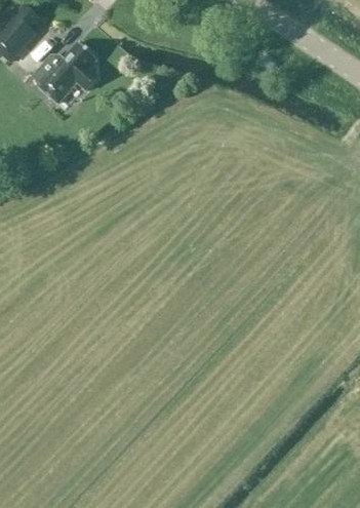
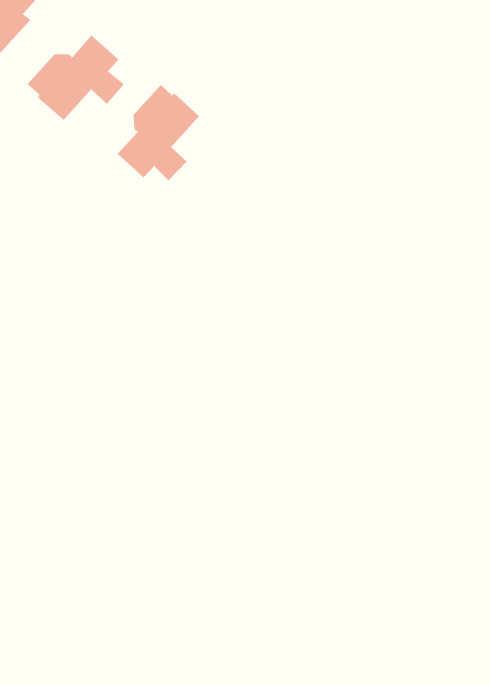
building: none -> [117,84,200,181]

